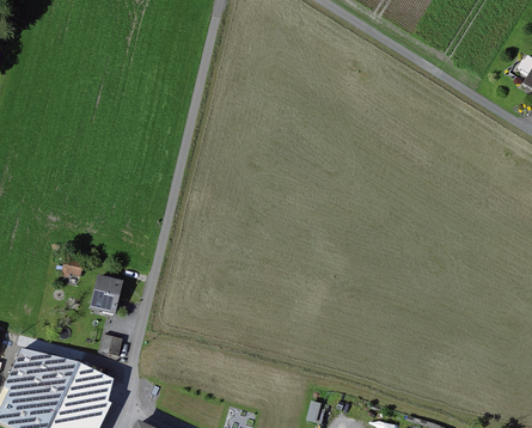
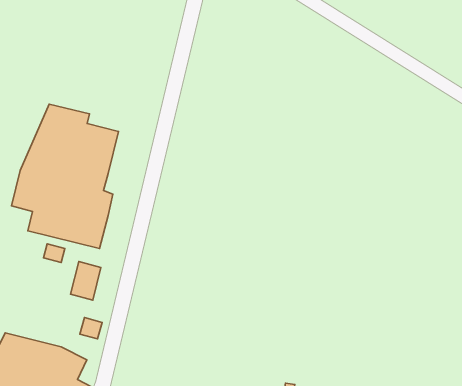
building: none -> [12,104,118,249]

